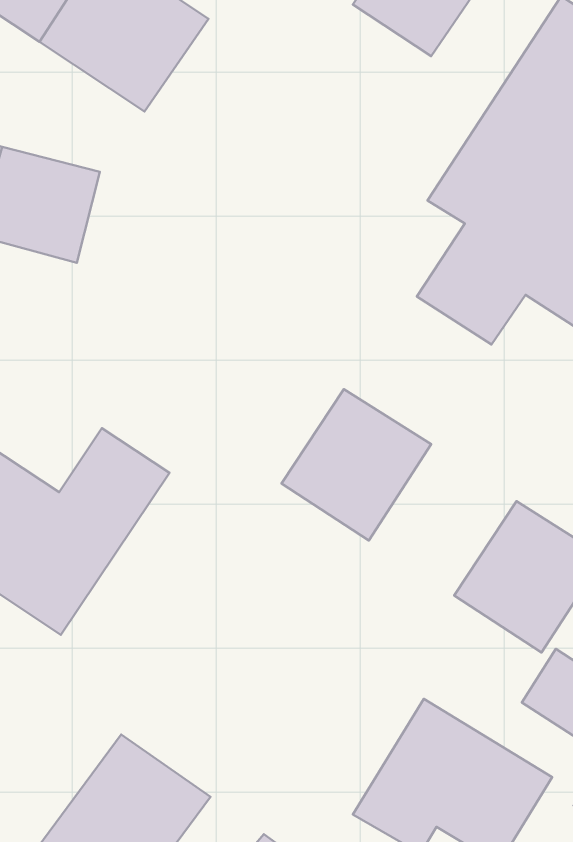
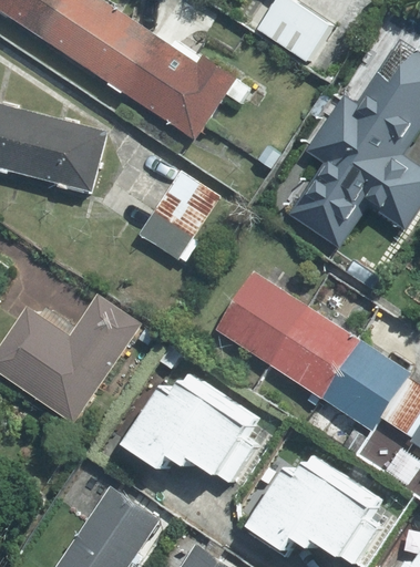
building: none -> [126,38,233,140]
building: none -> [139,171,222,260]
building: none -> [266,302,358,396]
building: none -> [126,372,250,474]

